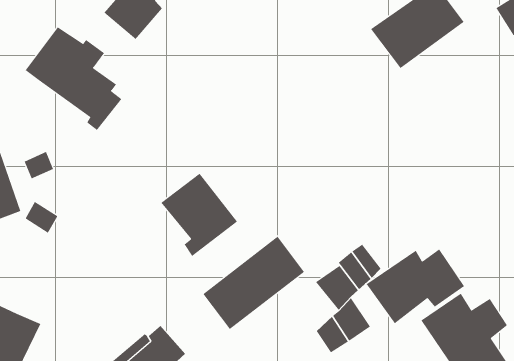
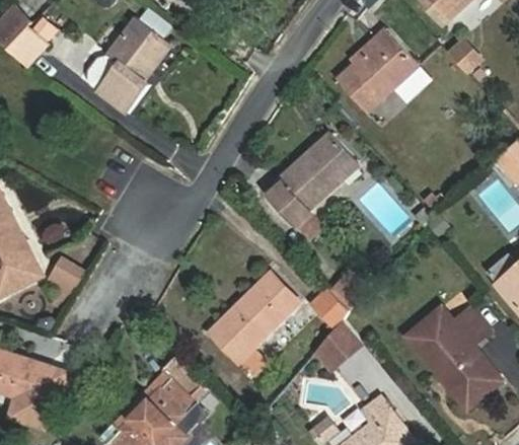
building: [25,27,122,131] -> none
building: none -> [268,129,362,240]
building: [161,173,238,257] -> none
building: [366,249,465,324] -> none

